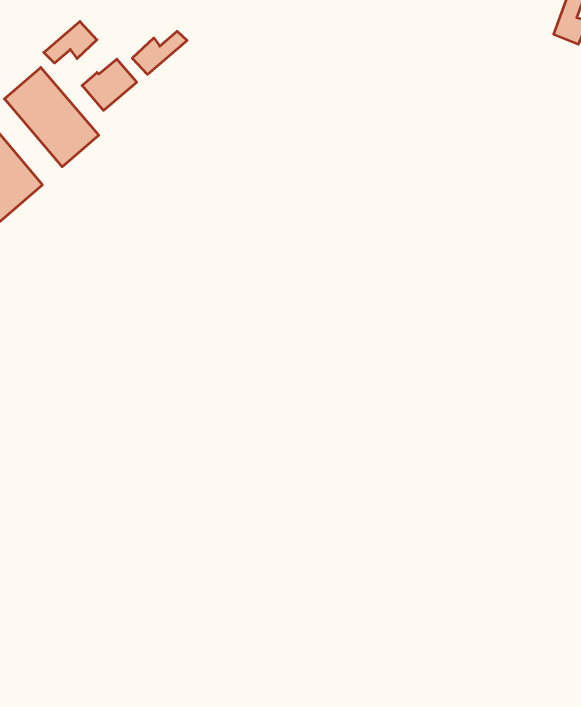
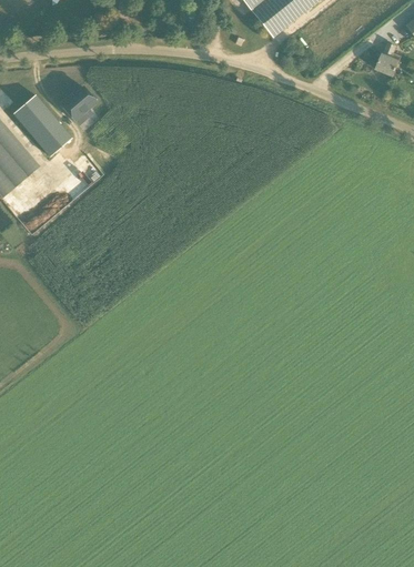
building: [44,21,97,63] -> none
building: [132,31,187,74] -> none

